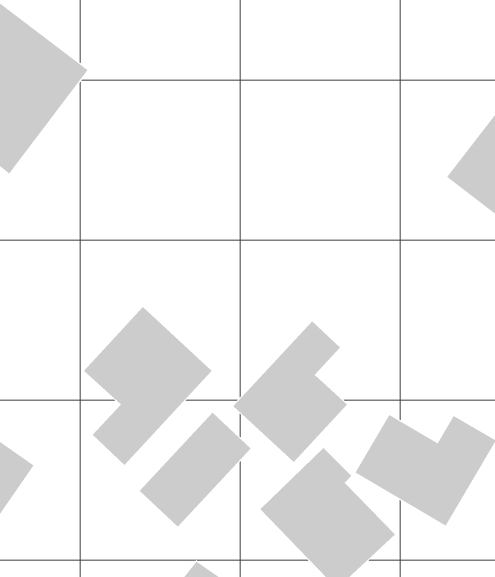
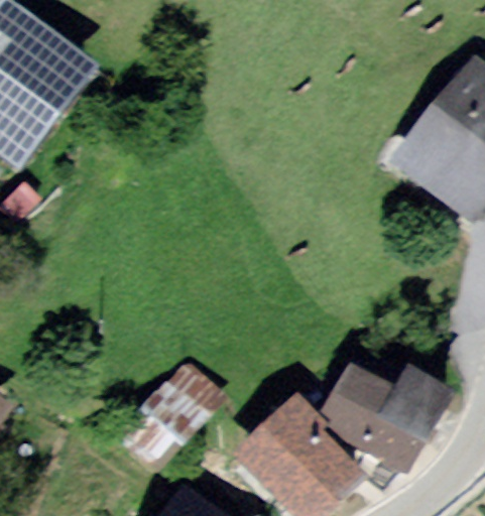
building: [83,306,213,466] -> none
building: [233,320,348,463] -> none

